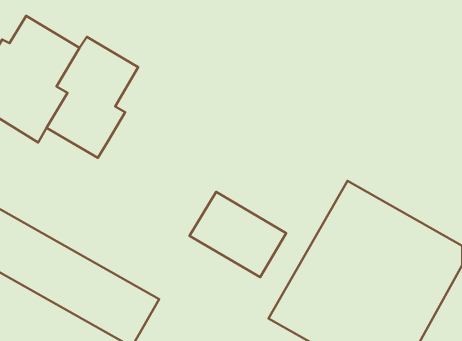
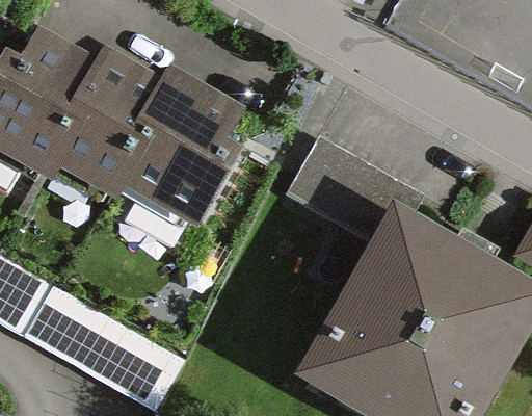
building: none -> [128,79,233,217]
building: [190,192,286,277] -> [294,141,403,238]

